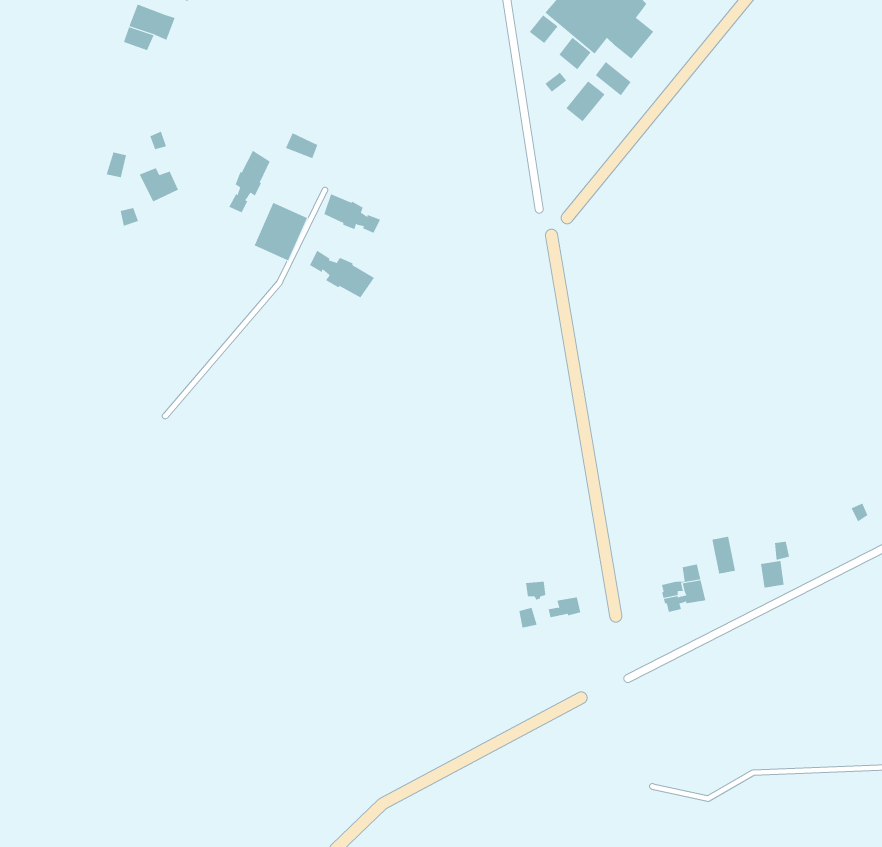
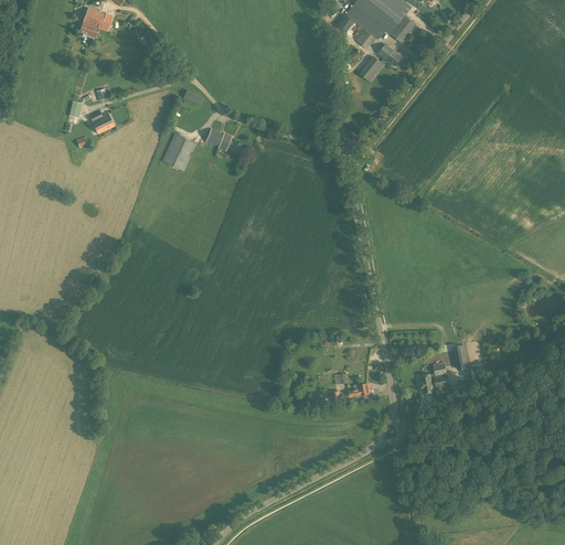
building: [228,150,270,213] -> none
building: [309,250,375,298] -> none

